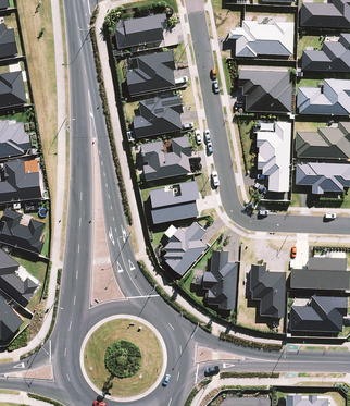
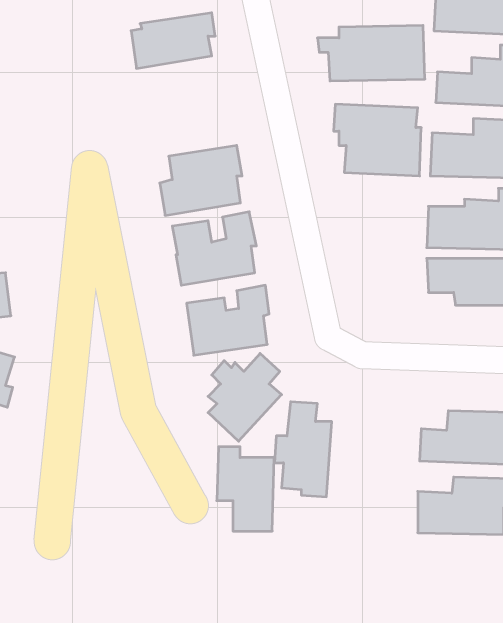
building: [126,50,175,94] -> none
building: [257,122,290,190] -> none
building: [250,264,285,316] -> [217,447,274,531]

